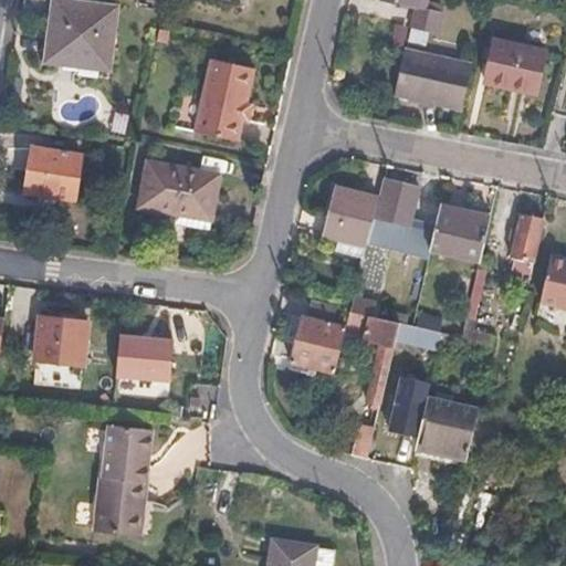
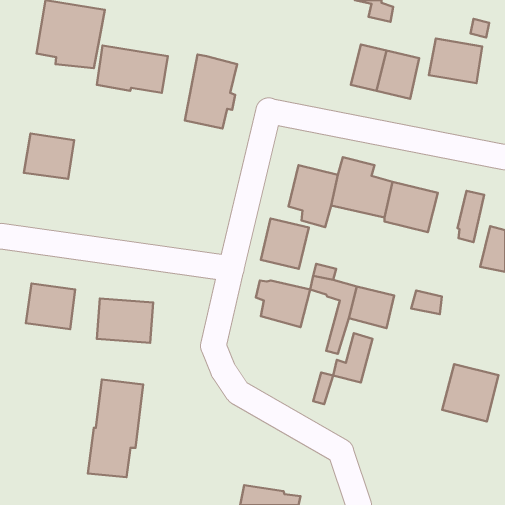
building: [142,160,221,213] -> [97,45,168,93]
building: none -> [261,218,309,269]
building: [412,403,475,468] -> [442,364,499,422]

